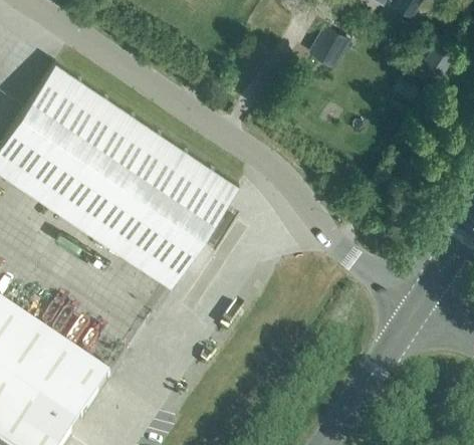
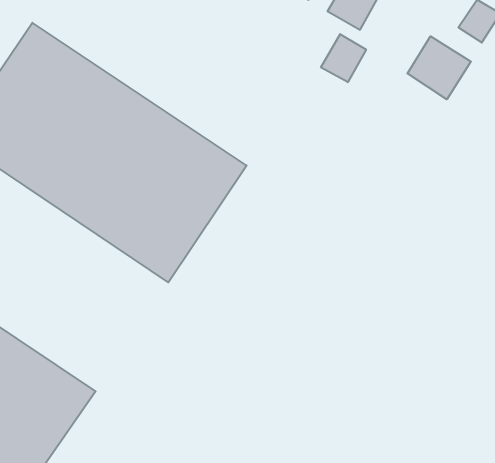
building: none -> [321,34,366,82]
building: none -> [407,36,471,99]

